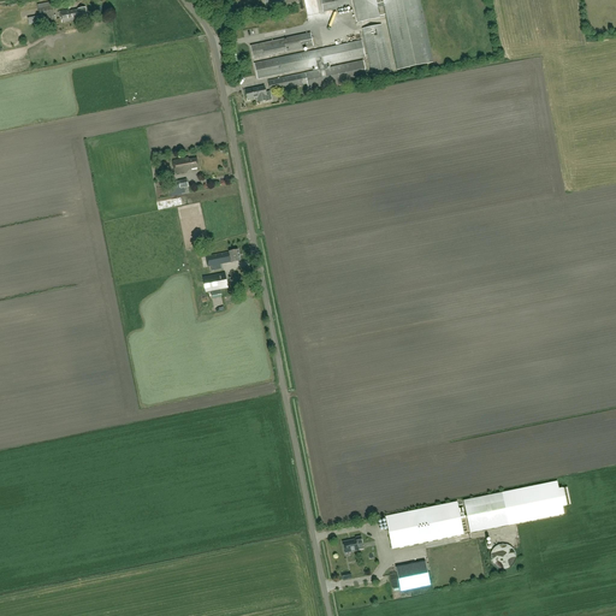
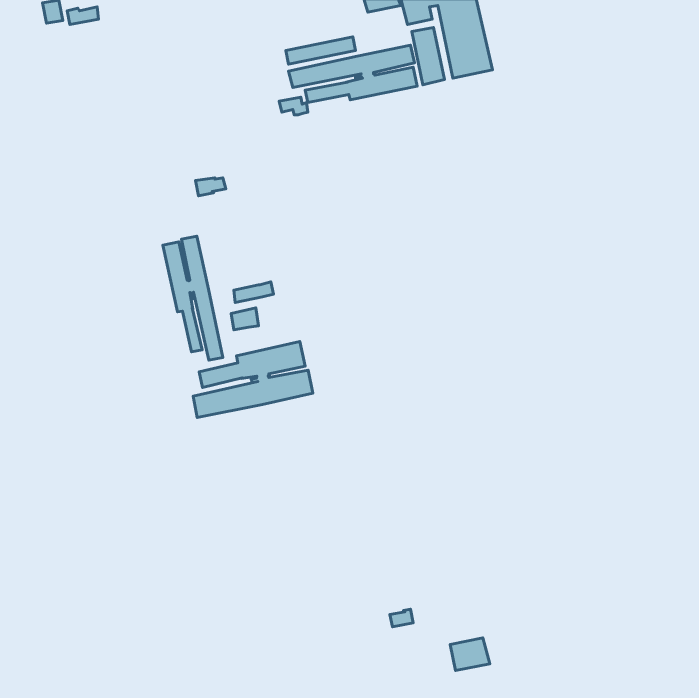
building: none -> [163,236,223,360]
building: none -> [193,342,313,418]
building: [385,480,563,547] -> none

